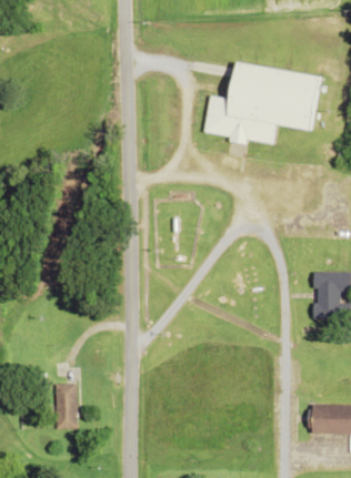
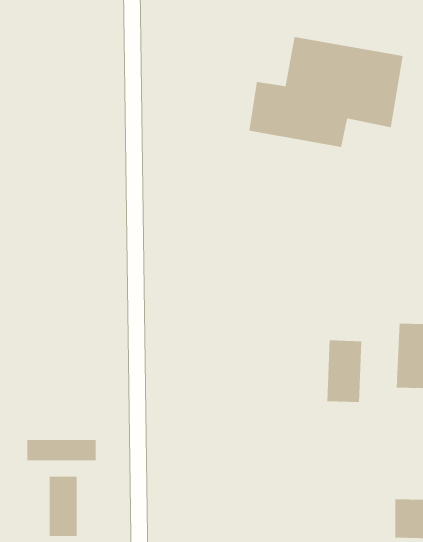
building: none -> [327,340,362,403]
building: none -> [27,439,96,461]

